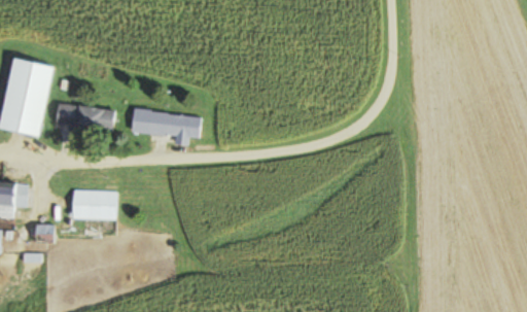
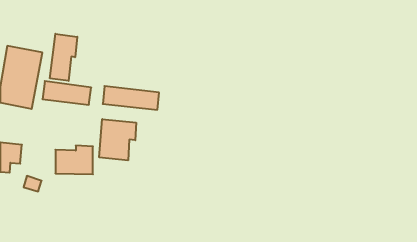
building: none -> [50,34,77,81]
building: none -> [99,119,136,160]

